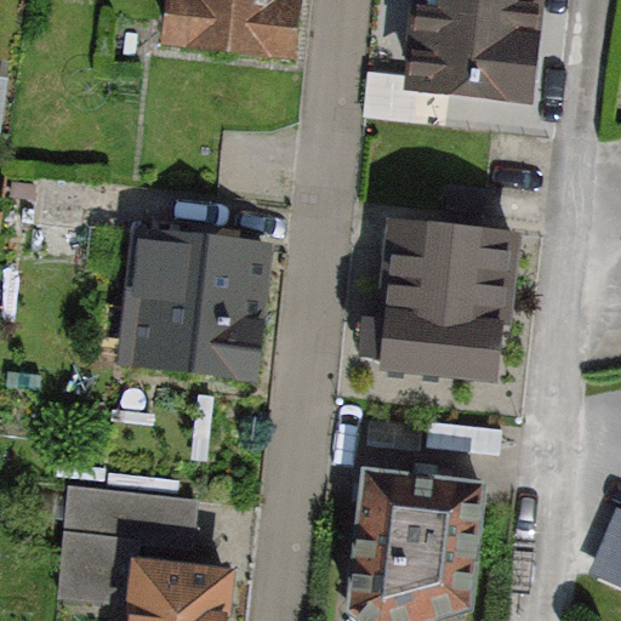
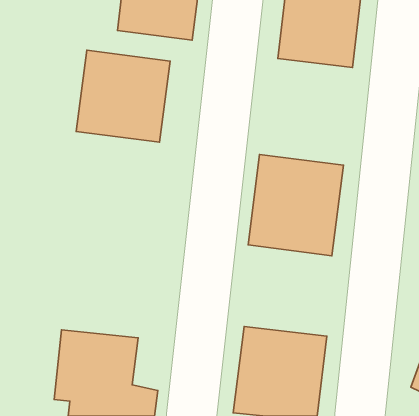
building: none -> [76,50,170,142]
building: [139,235,256,377] -> none

